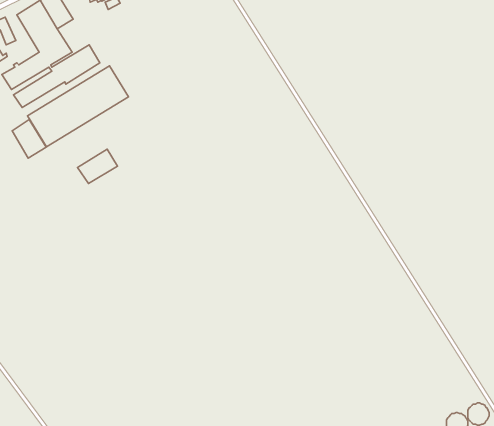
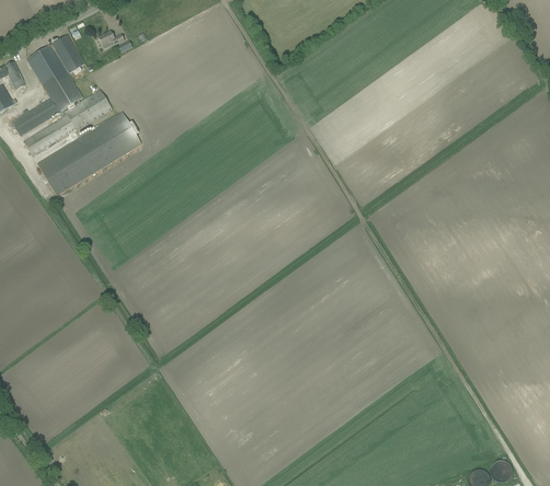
building: [12,120,46,158] -> none
building: [78,149,118,183] -> none

